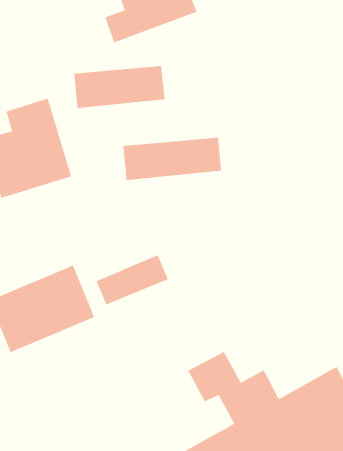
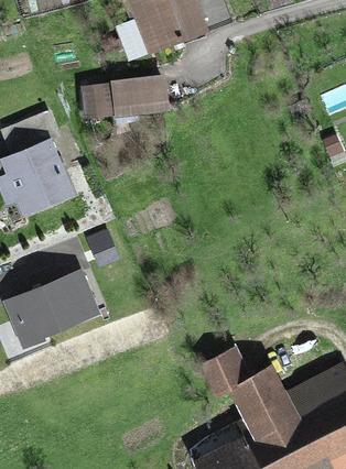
building: [123,137,222,181] -> none
building: [96,254,169,305] -> none

